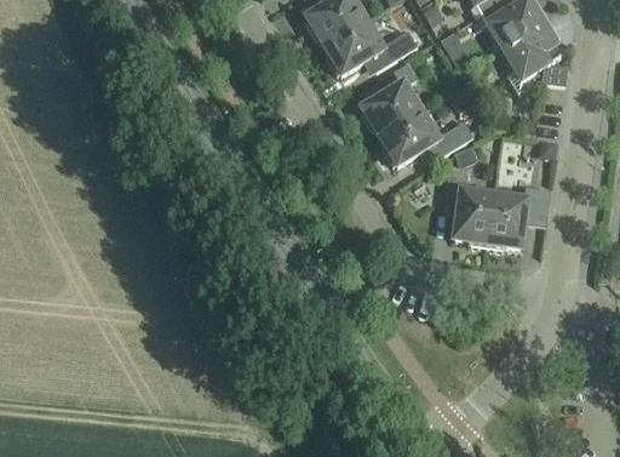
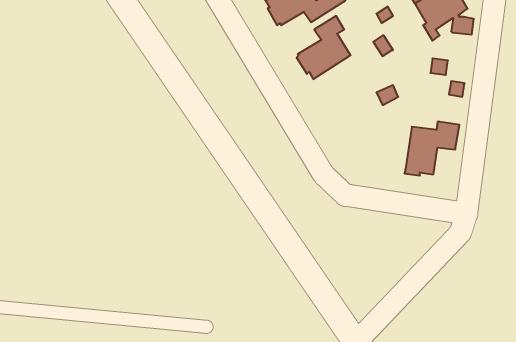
building: [380,108,473,165] -> none
building: [444,175,495,246] -> none

